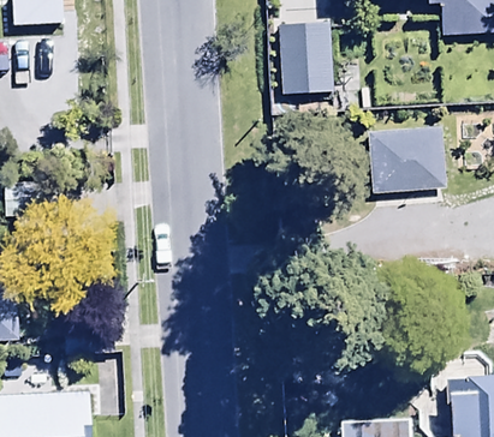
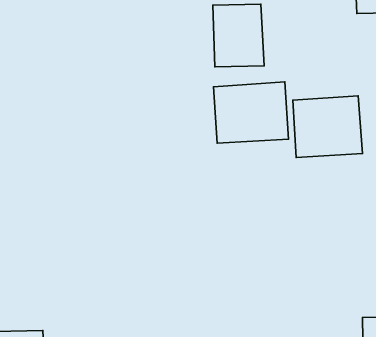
building: none -> [213,82,289,143]

